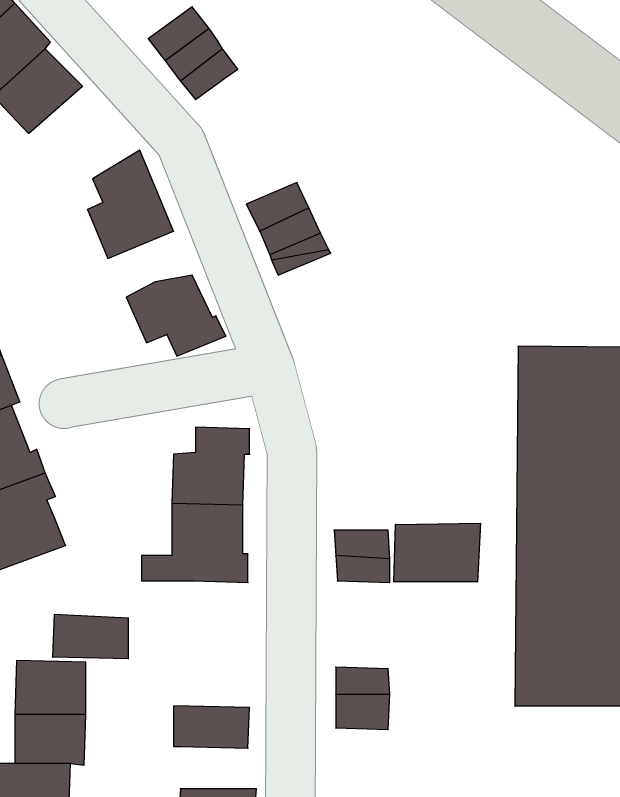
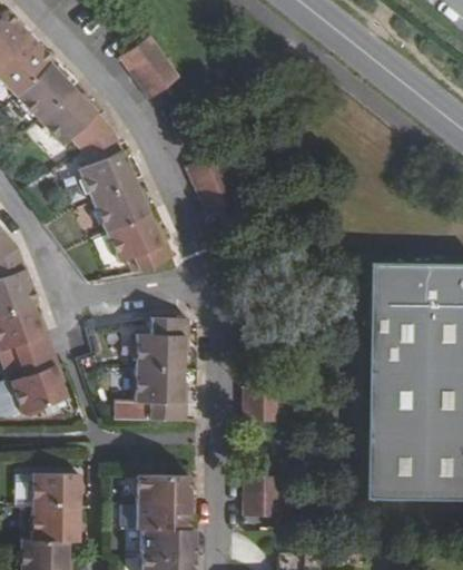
building: none -> [42,92,116,154]
building: none -> [95,188,150,226]
building: [394,523,481,582] -> none
building: [52,615,128,659] -> [138,473,188,502]
building: none -> [142,528,193,556]

